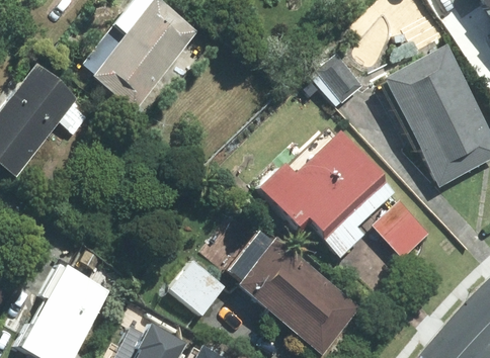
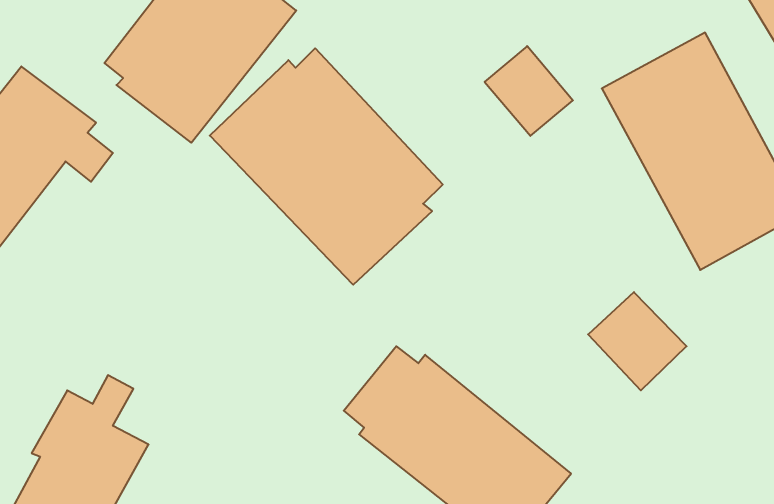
building: none -> [210,48,443,285]
building: [256,131,394,257] -> none
building: [170,259,227,316] -> none

